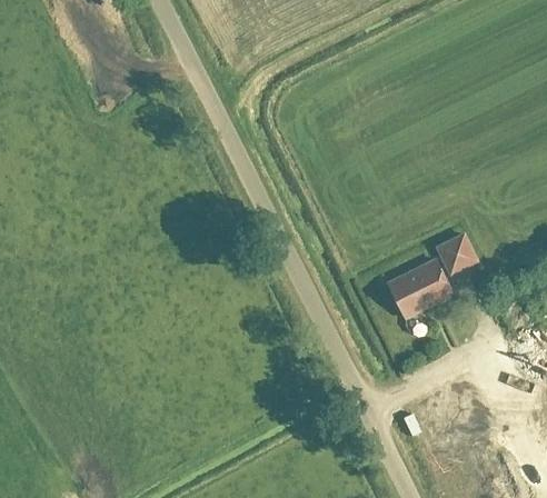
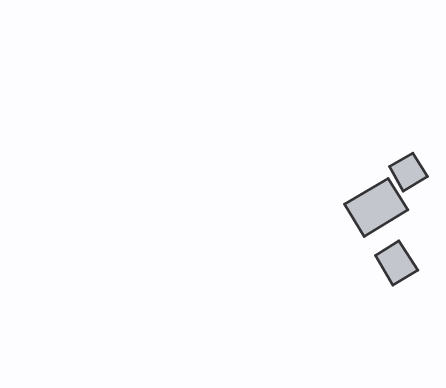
building: none -> [376,241,418,285]

